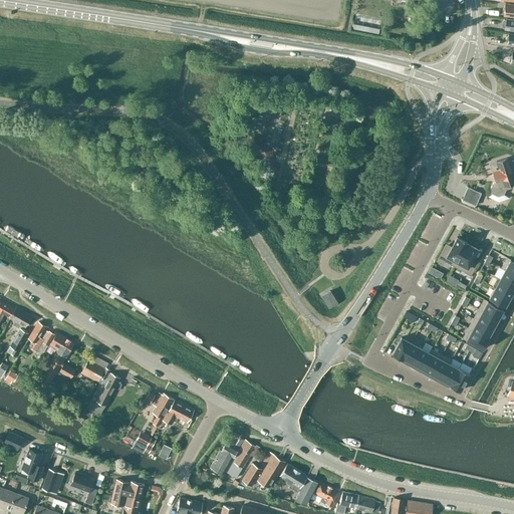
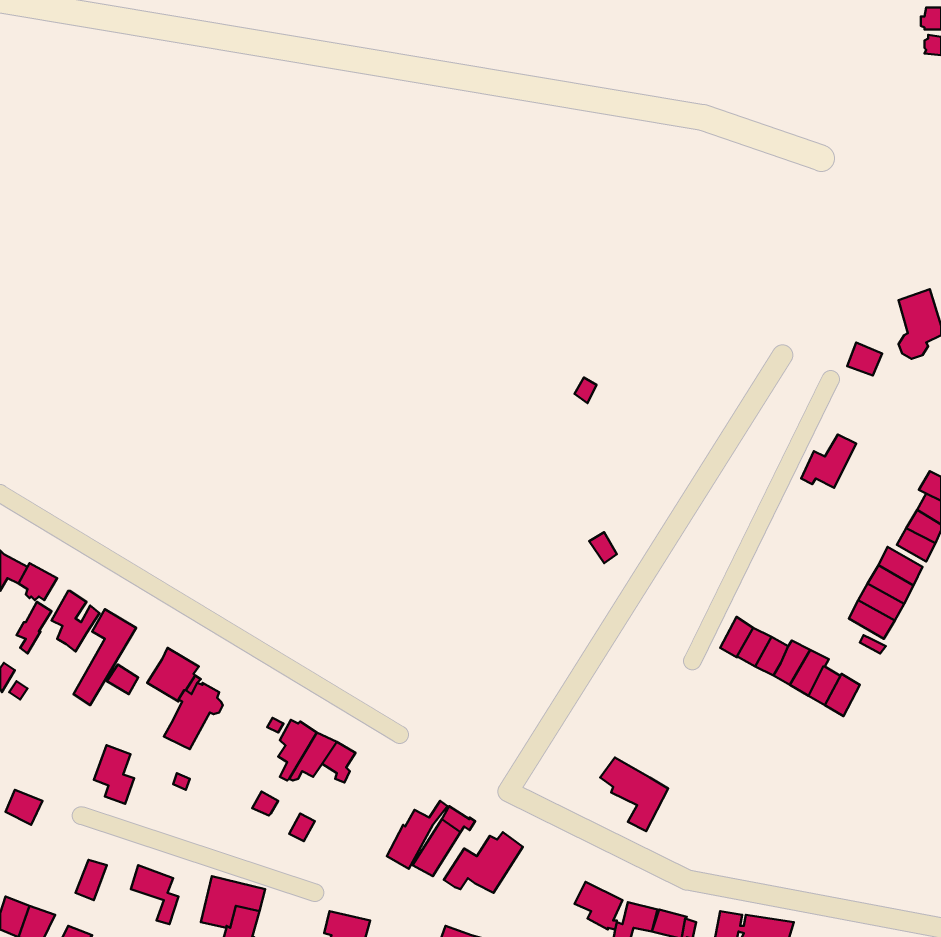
building: [455,244,477,276] -> none
building: [22,451,44,483] -> [94,745,134,804]
building: [280,466,317,506] -> [600,757,668,831]

